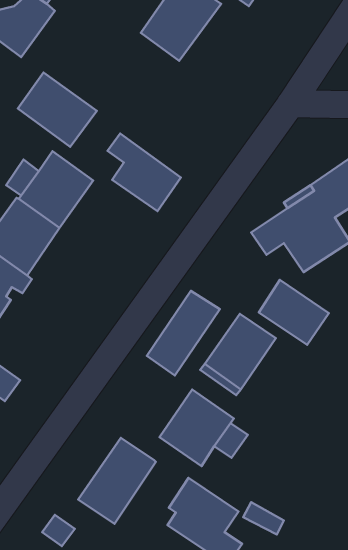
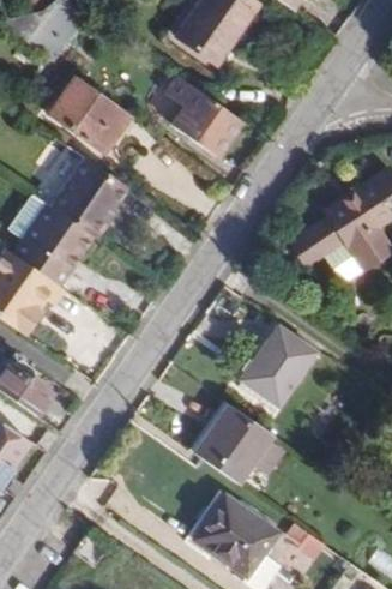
building: [108,134,181,211] -> [167,77,242,157]
building: [259,280,329,345] -> none
building: [147,291,220,375] -> none
building: [78,438,156,524] -> none

